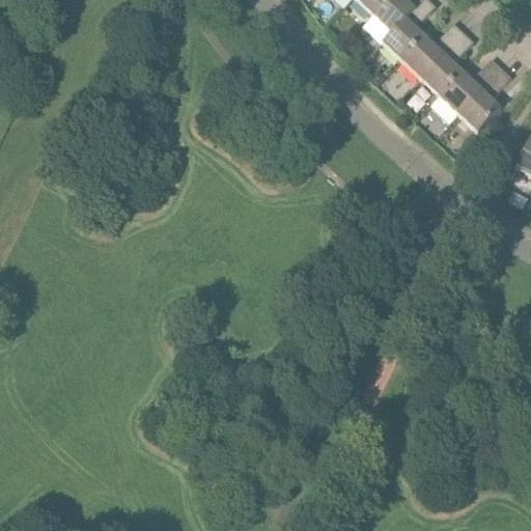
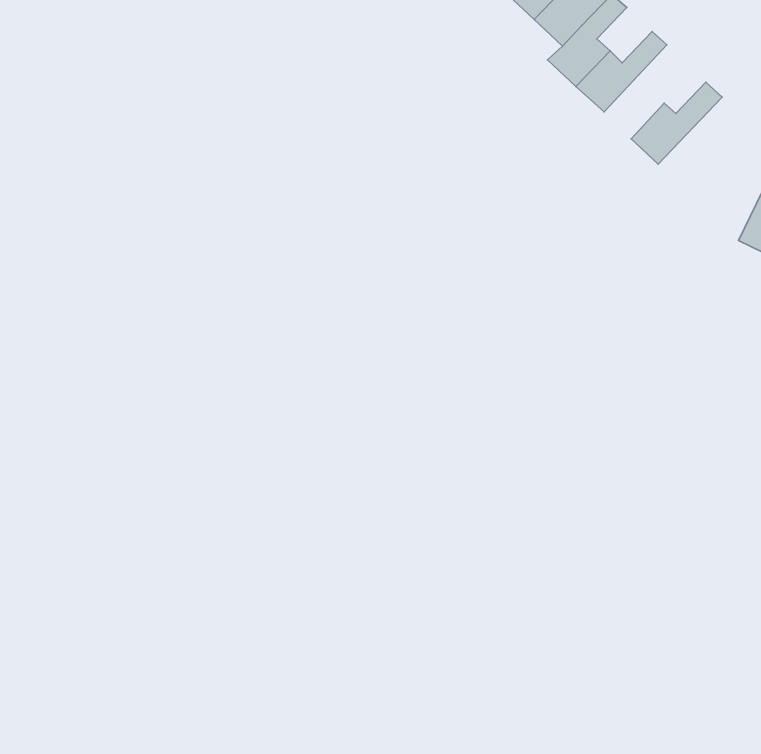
building: [421,31,474,96] -> none
building: [458,67,512,132] -> none

